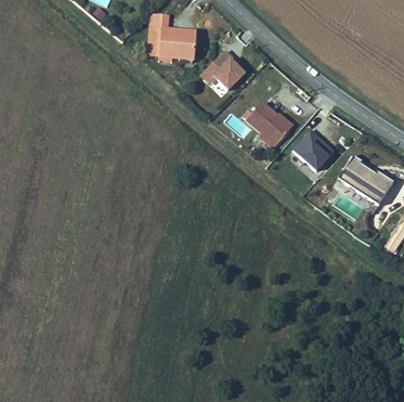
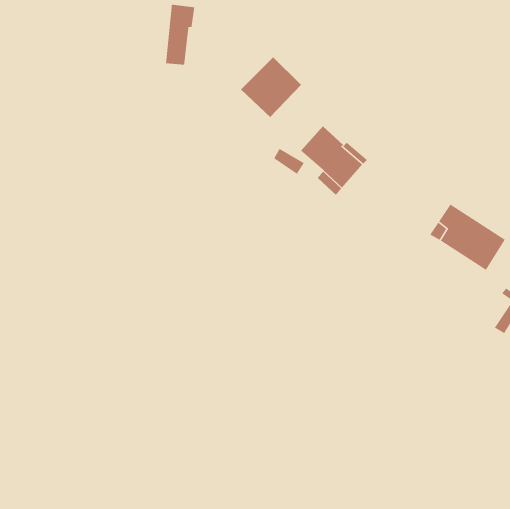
building: [162,28,196,61] -> none
building: [294,129,335,169] -> none

